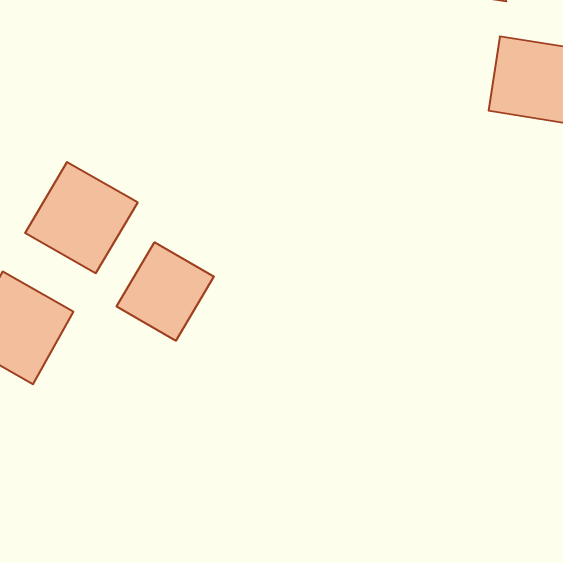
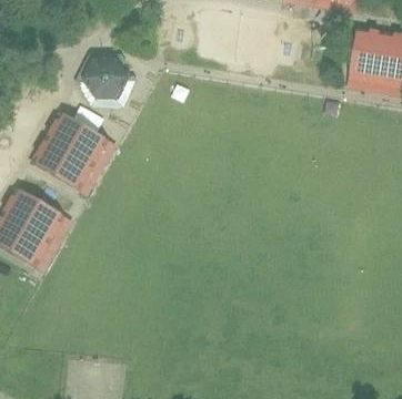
building: none -> [82,70,121,105]
building: [117,242,214,341] -> none

